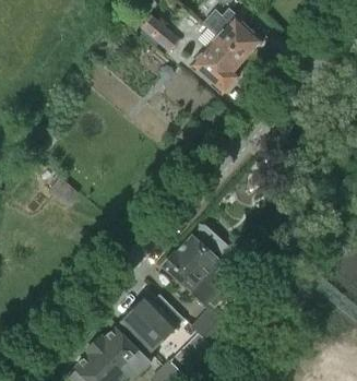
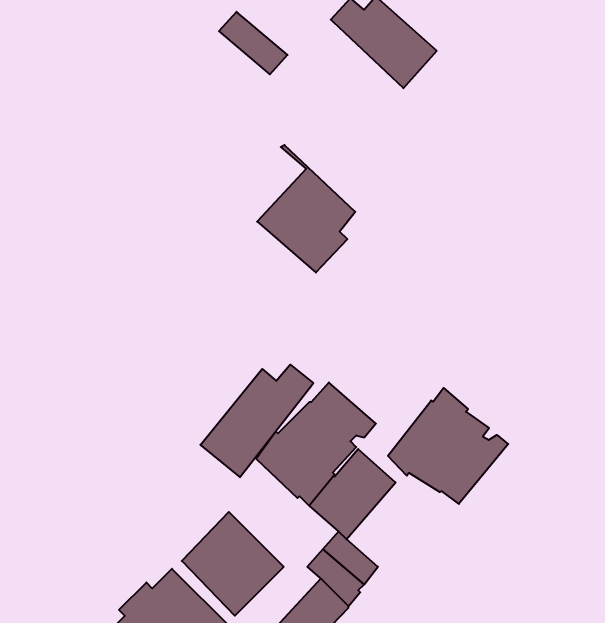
building: [189,23,243,94] -> [257,145,355,273]
building: none -> [200,365,313,477]
building: none -> [388,388,508,504]

